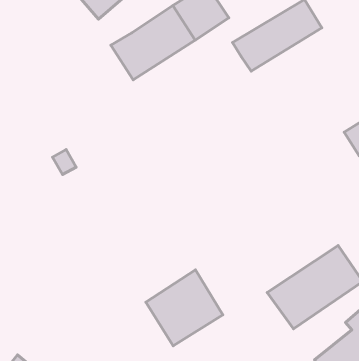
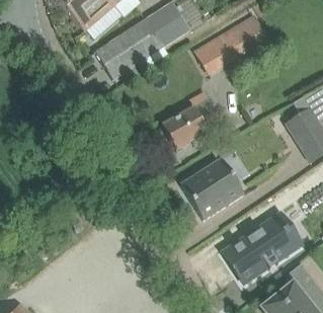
building: none -> [162,100,213,149]
building: [146,270,223,346] -> [180,158,243,220]

